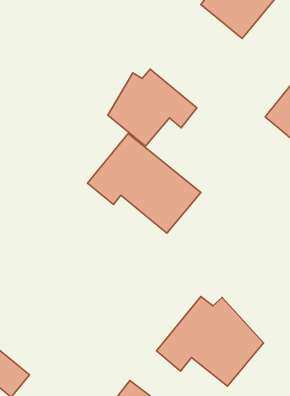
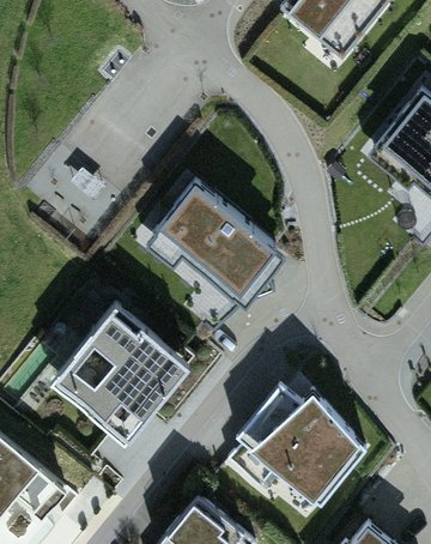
building: [108,69,197,146] -> none
building: none -> [56,306,189,447]

